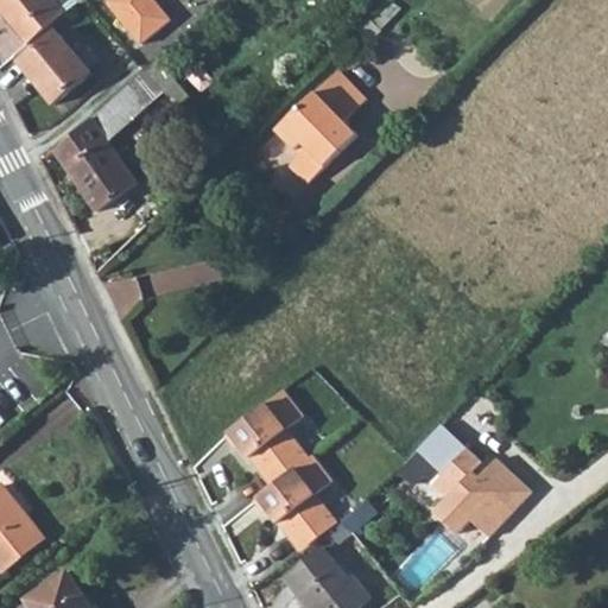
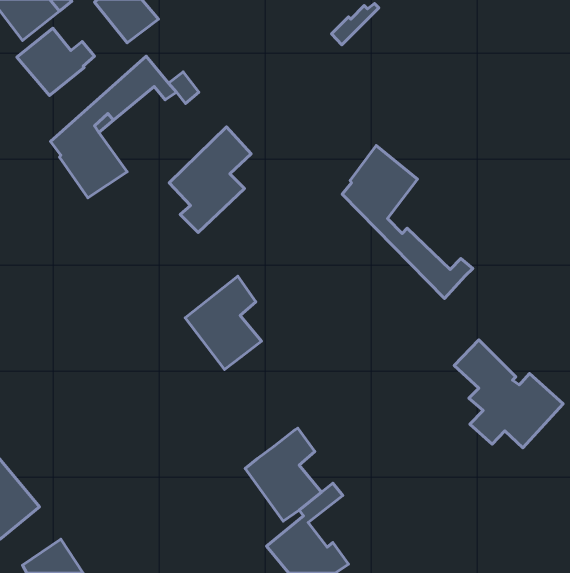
building: [278,70,365,182] -> [169,127,251,232]
building: none -> [342,146,473,298]
building: [230,386,311,484] -> [185,276,261,369]
building: [412,424,527,538] -> [454,340,563,448]

